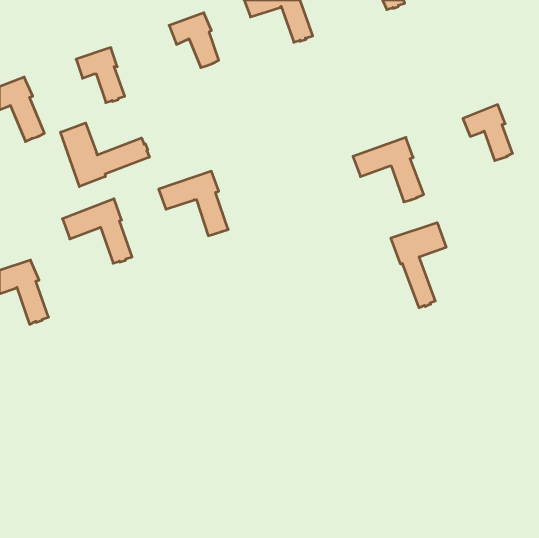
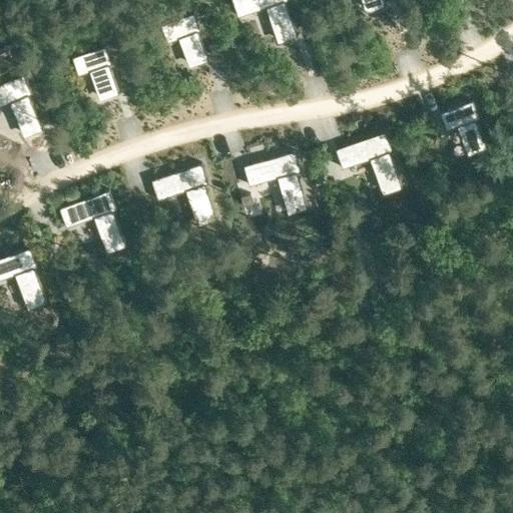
building: [61,123,149,187] -> none
building: none -> [243,152,307,213]
building: [391,223,446,308] -> none

